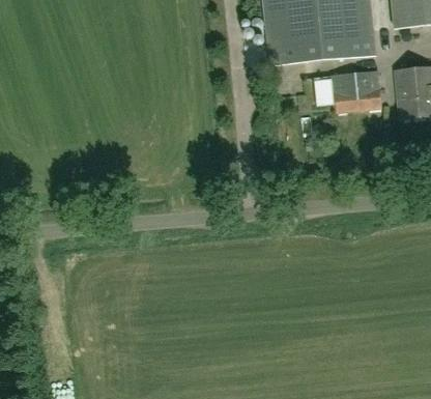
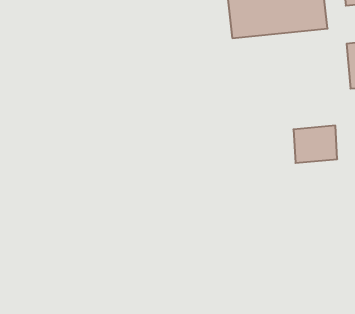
building: [332,72,379,112] -> [293,126,337,163]

